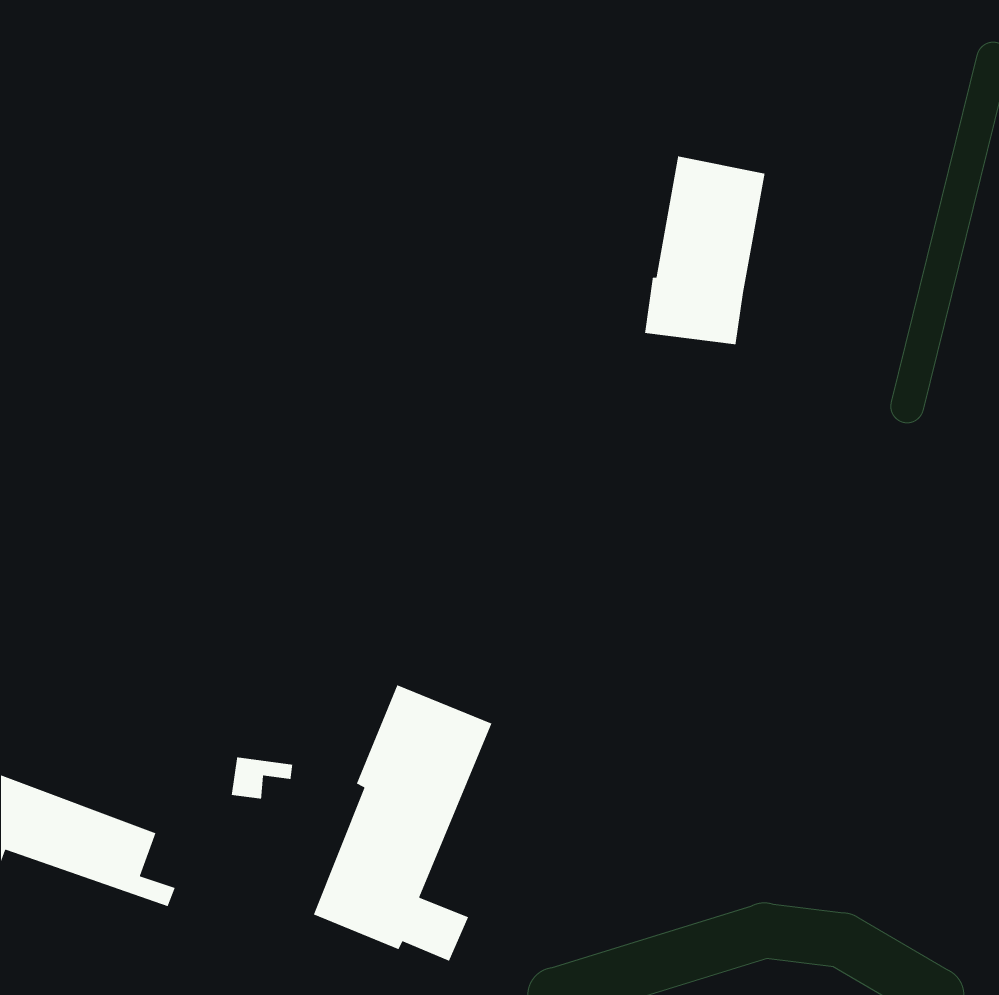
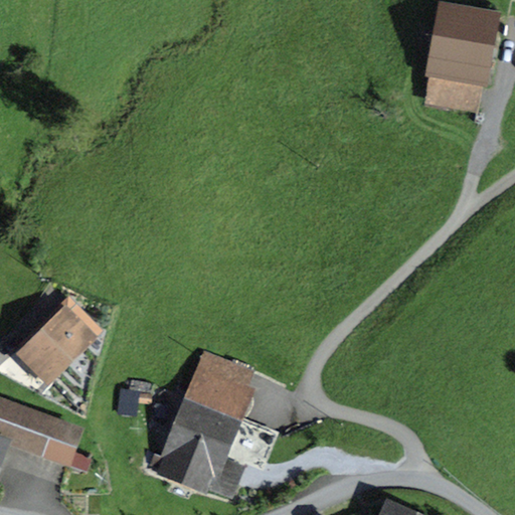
building: [644,156,765,345] -> [428,10,491,108]
building: none -> [25,307,96,375]

